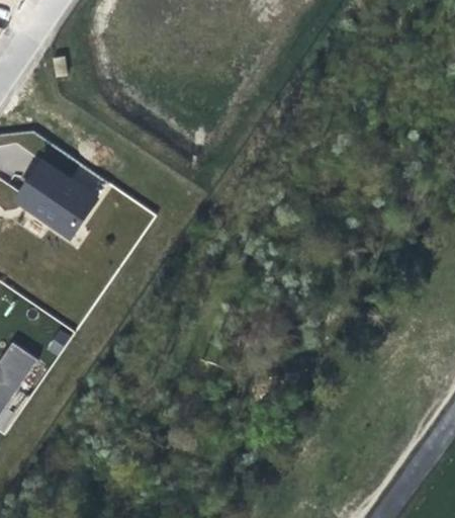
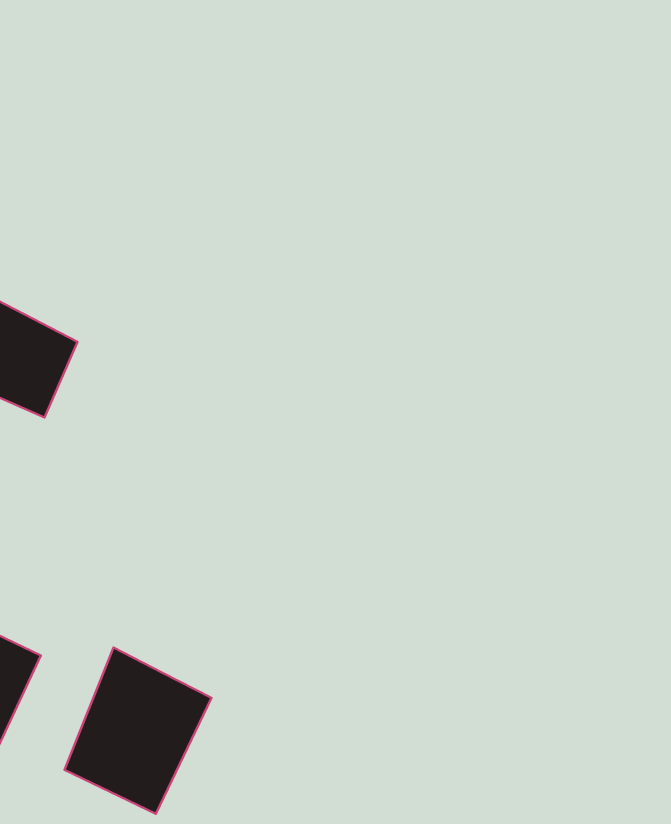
building: none -> [64,647,212,814]

